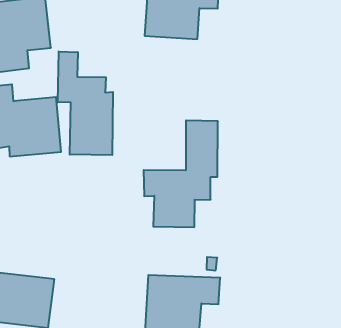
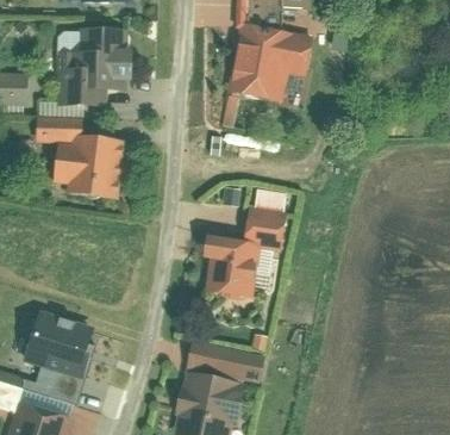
building: [58,51,113,155] -> none

